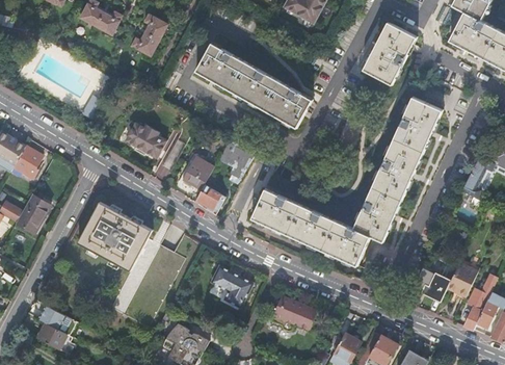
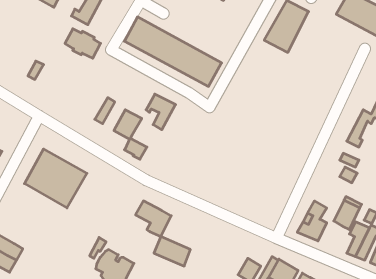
building: [249,98,442,265] -> none
building: [124,125,166,160] -> [65,29,101,58]
building: [271,294,315,330] -> [154,237,190,266]

